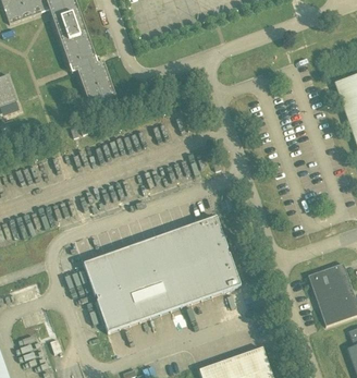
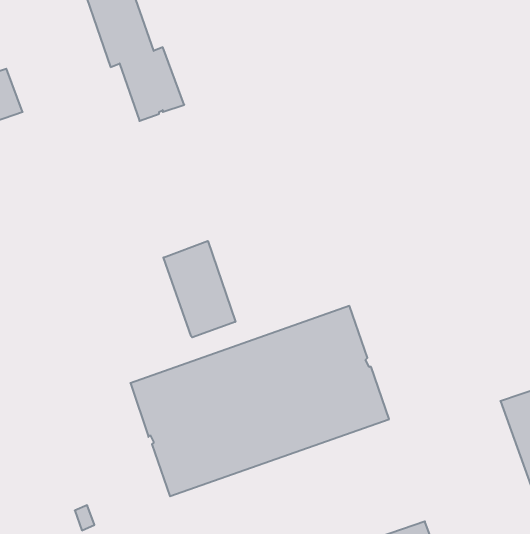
building: none -> [163,241,235,337]

